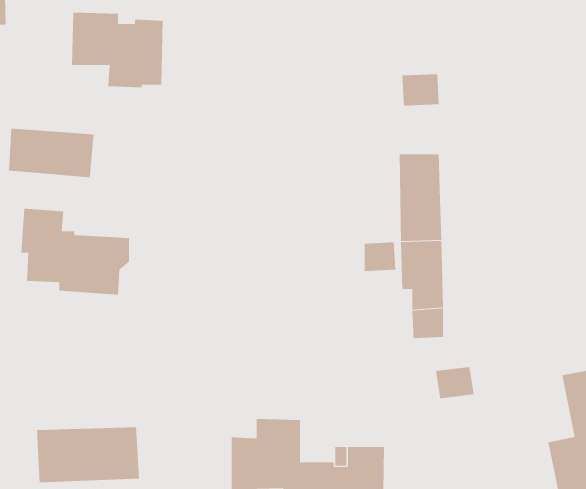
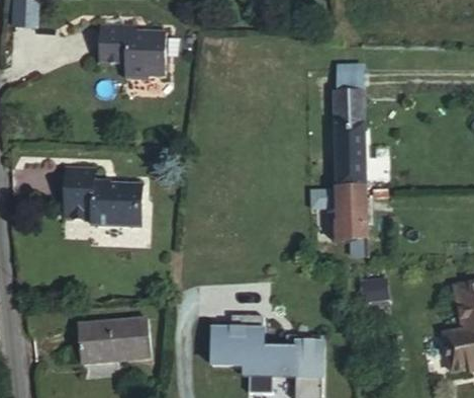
building: none -> [335,89,364,125]
building: [9,128,94,178] -> none

